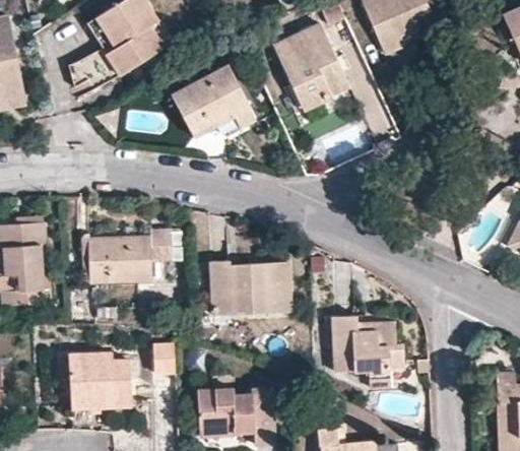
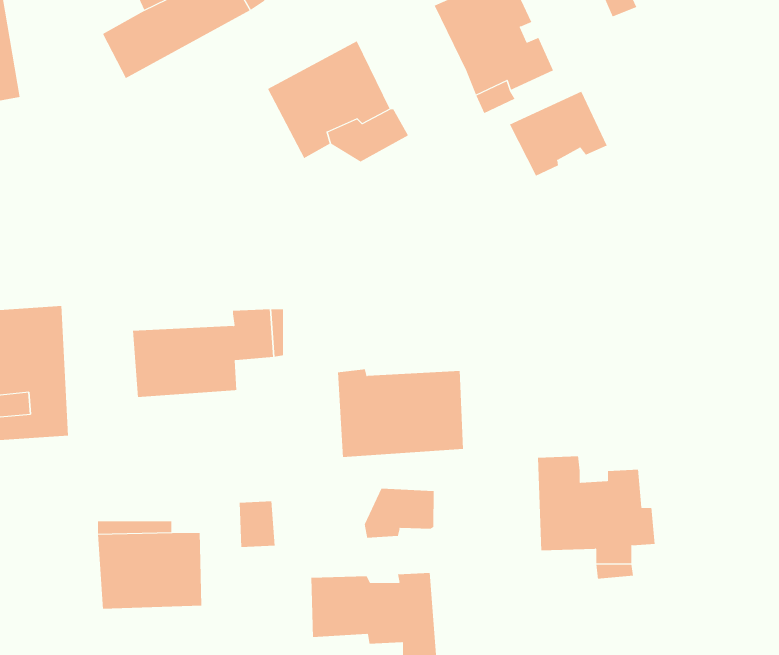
building: none -> [509,91,608,176]
building: none -> [364,488,434,538]

